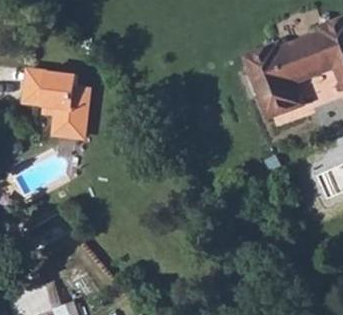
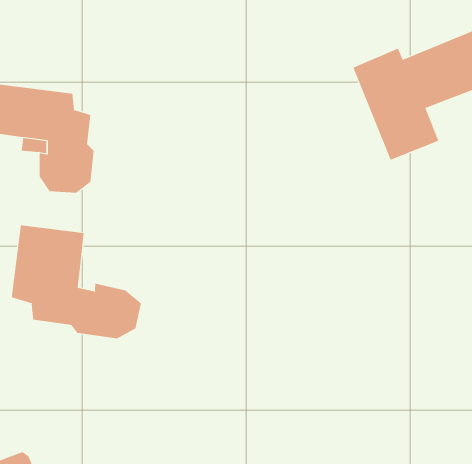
building: none -> [11,225,142,339]

